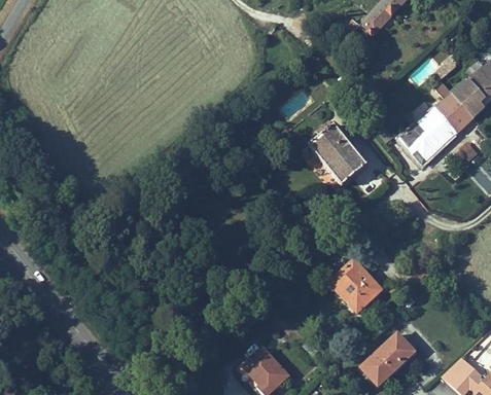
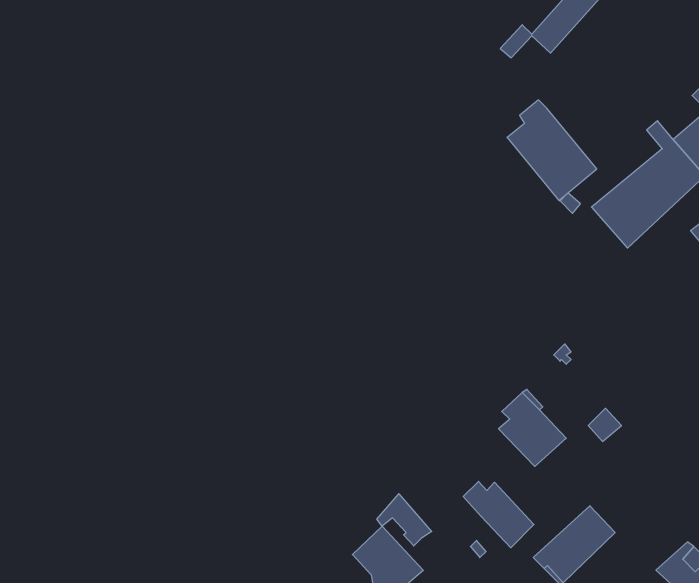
building: [308,119,366,185] -> [507,100,597,200]
building: none -> [463,481,534,548]
building: none -> [377,494,432,546]

